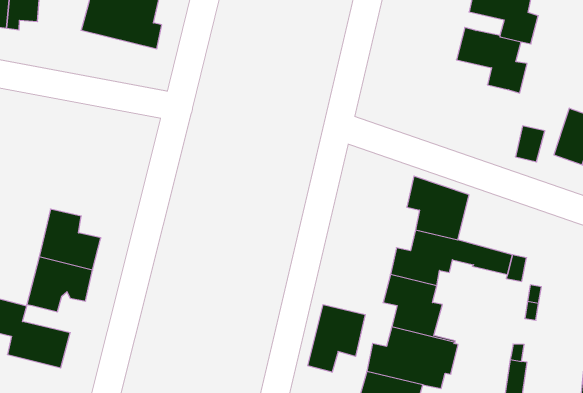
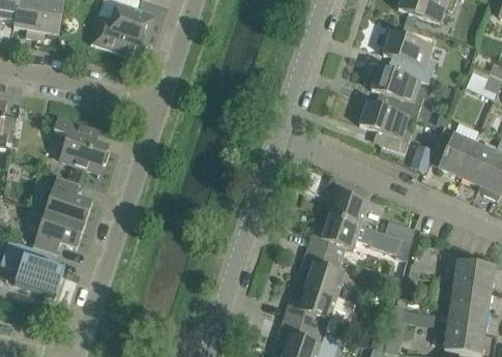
building: none -> [359,100,411,152]
building: none -> [53,118,107,176]
building: [308,305,365,372] -> none

